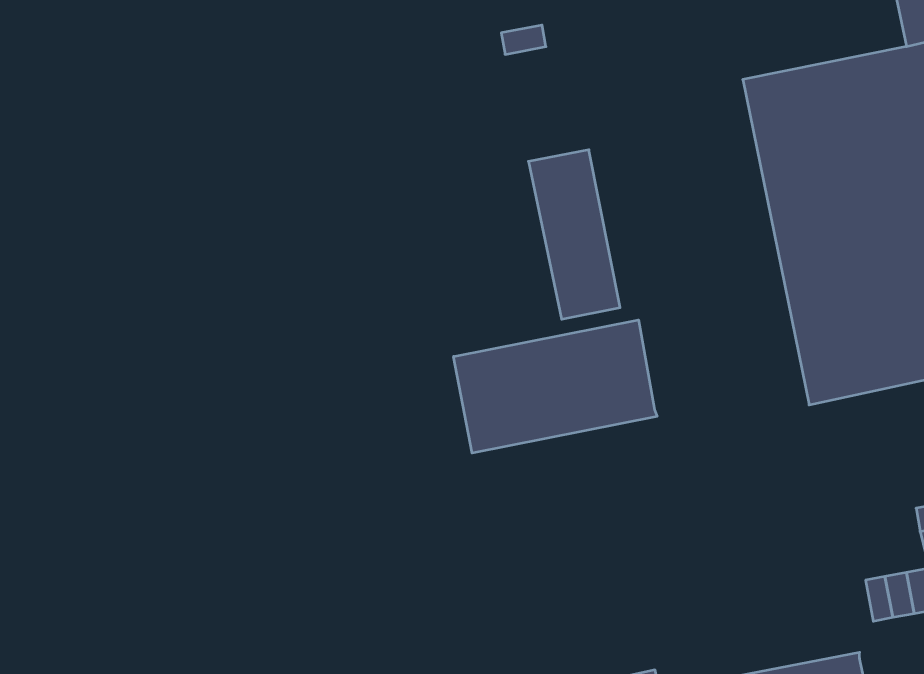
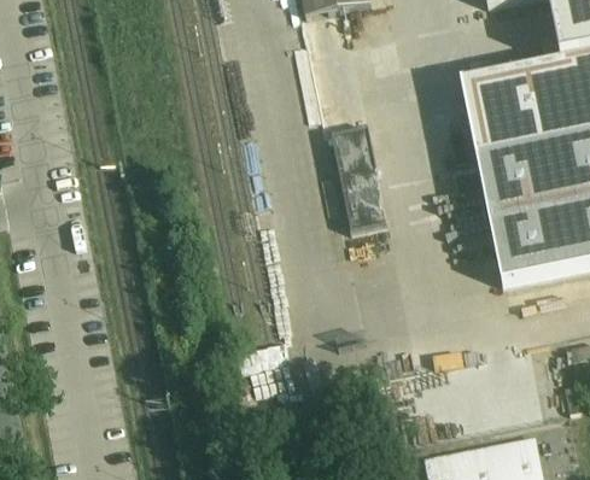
building: [454,320,657,453] -> none

